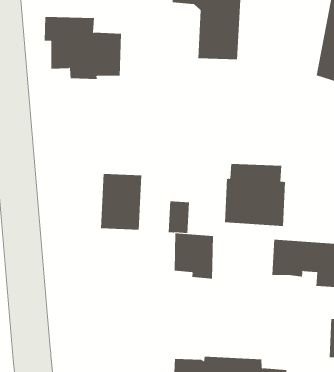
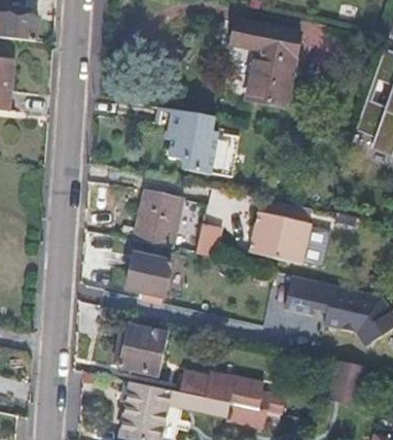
building: [44,17,122,80] -> [164,108,237,174]
building: [174,233,214,279] -> [128,252,170,301]
building: none -> [119,328,168,374]

